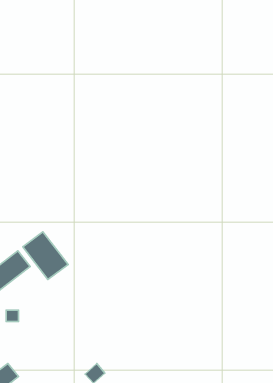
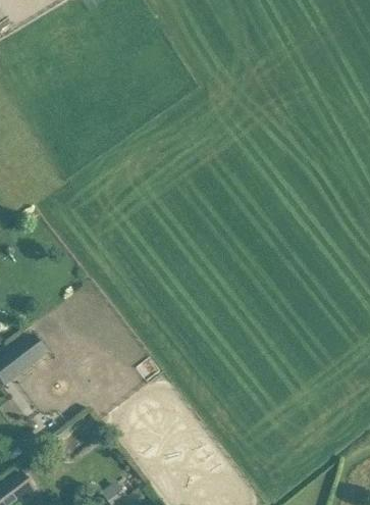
building: [23,232,68,279] -> none

